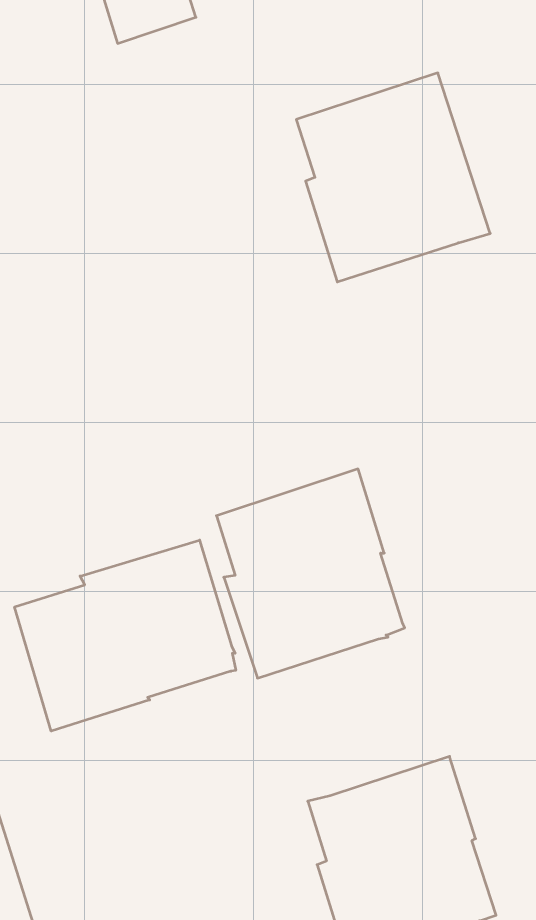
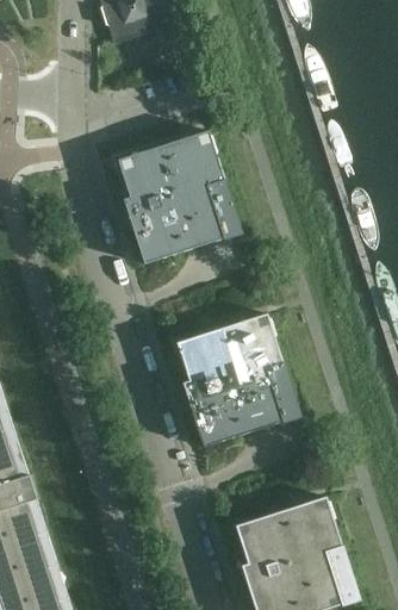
building: [296,73,490,282] -> [118,131,242,264]
building: [15,540,236,731] -> none

